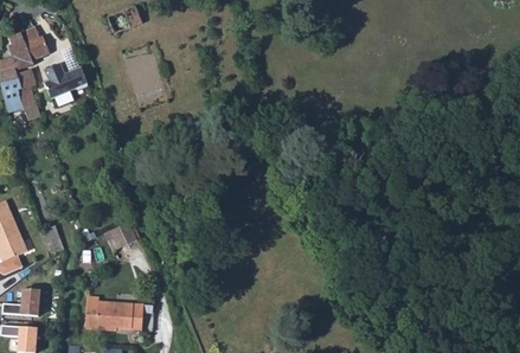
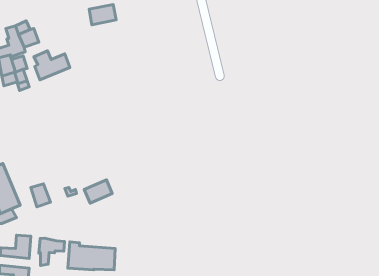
building: none -> [39,238,64,265]

